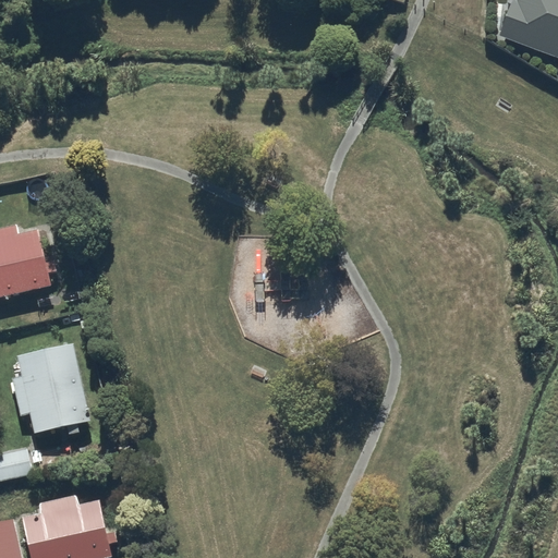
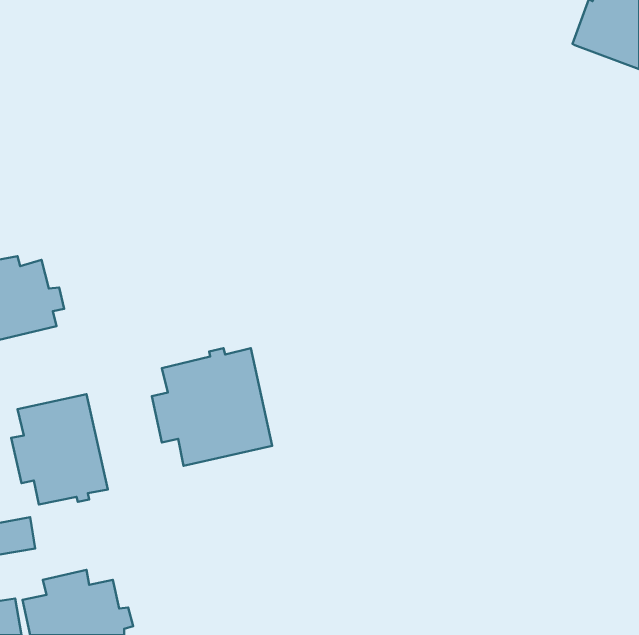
building: none -> [152,348,272,466]

